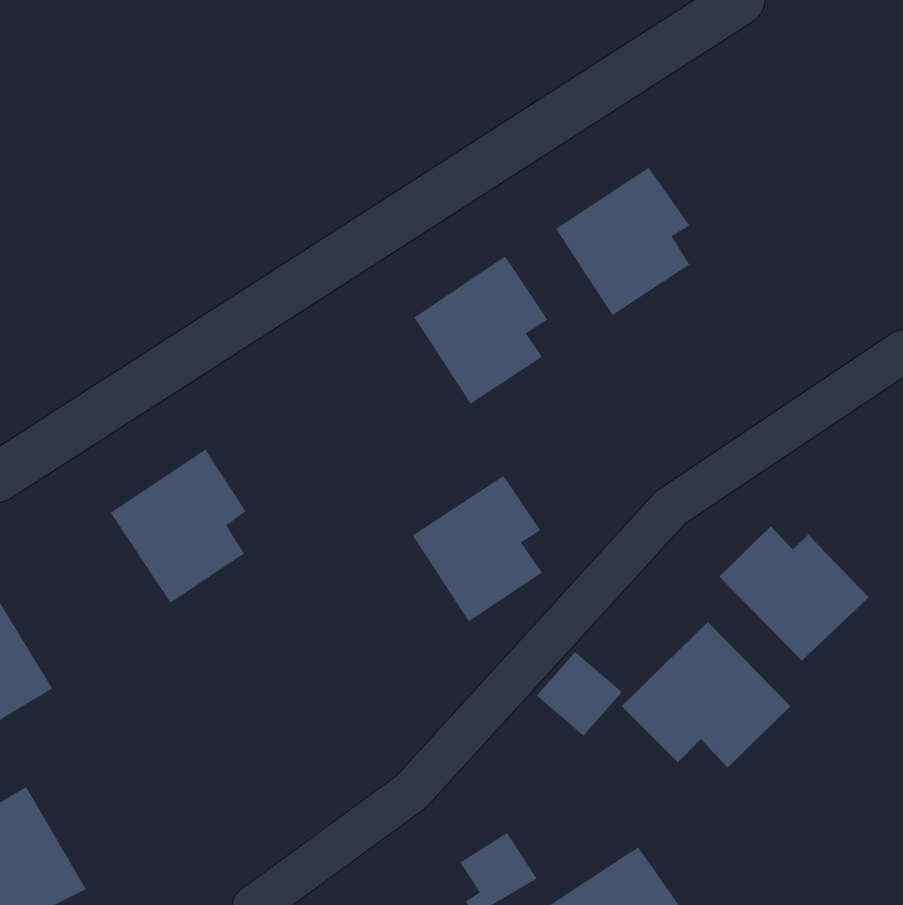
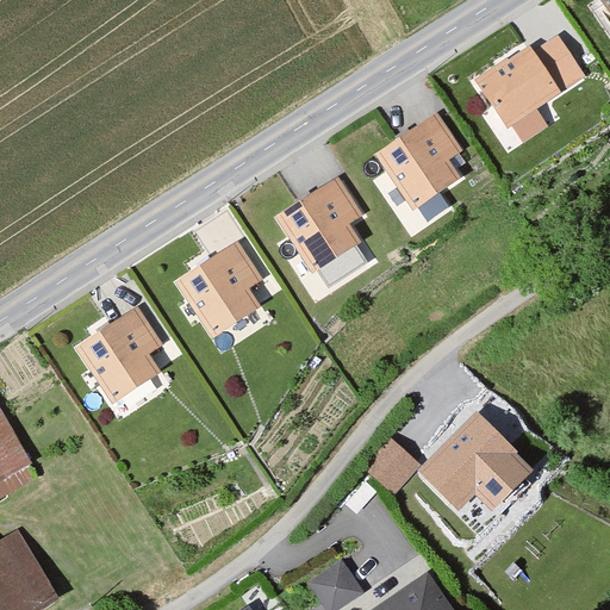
building: none -> [475,37,586,129]
building: [412,475,543,622] -> [175,239,263,338]
building: [718,525,870,661] -> none

